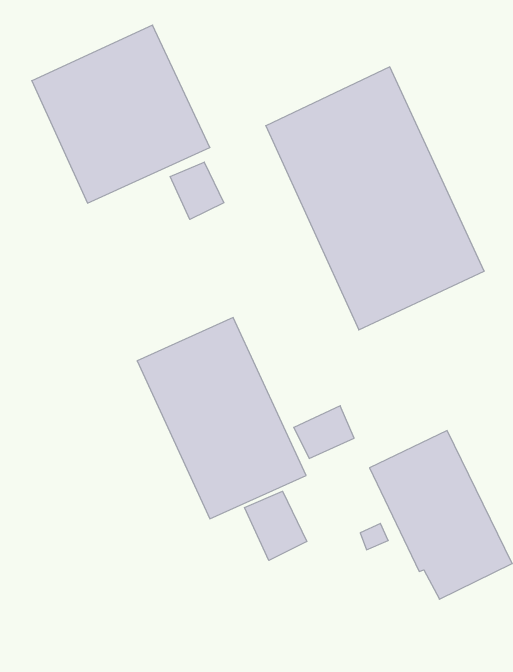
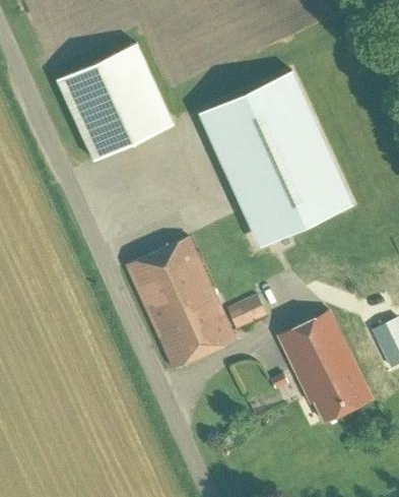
building: [170,162,224,219] -> none
building: [245,491,307,560] -> none

